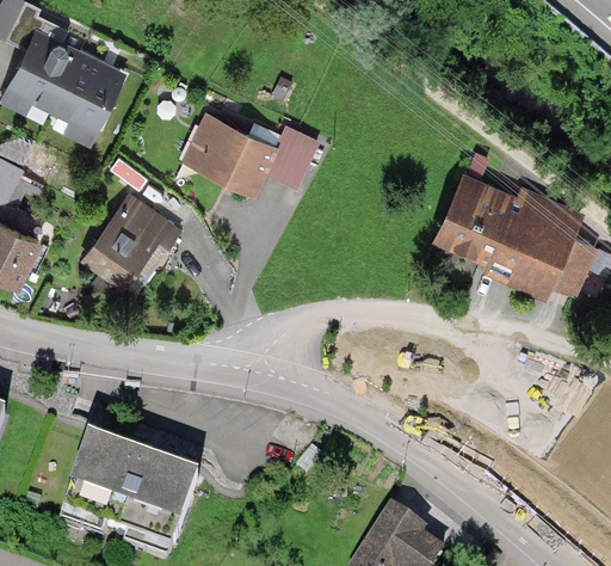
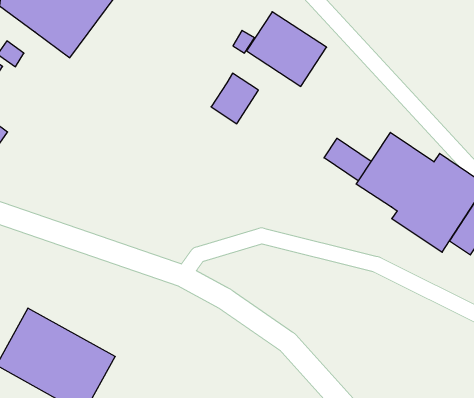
building: [183,116,272,195] -> [246,12,327,86]
building: none -> [324,138,371,181]
building: [80,198,171,287] -> none

